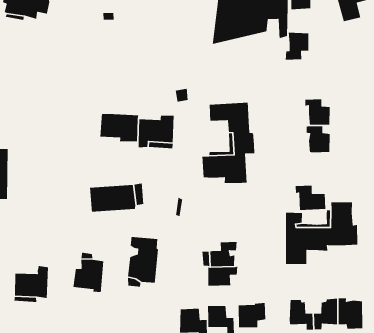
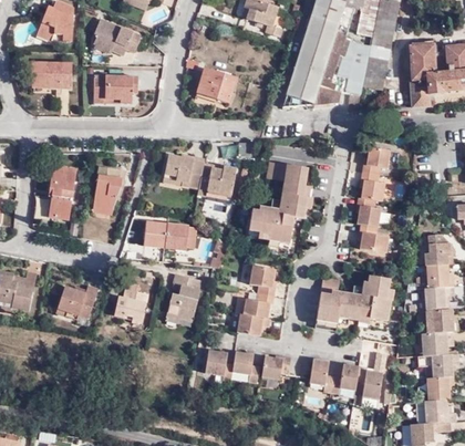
building: none -> [195,66,236,101]
building: [285,32,309,60] -> [362,146,390,175]
building: none -> [93,75,138,104]
building: none -> [93,166,126,209]
building: [295,185,326,211] -> [360,225,389,252]
building: none -> [251,267,277,295]

